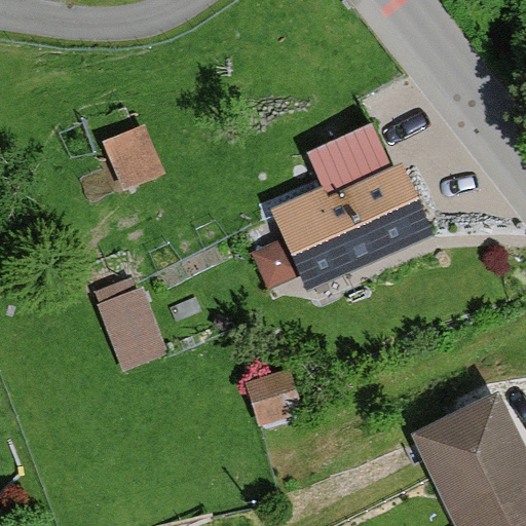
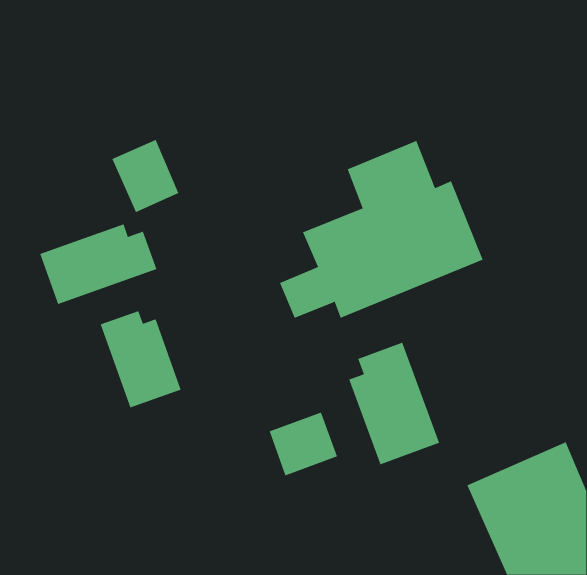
building: none -> [39,223,157,305]
building: none -> [348,342,440,465]

